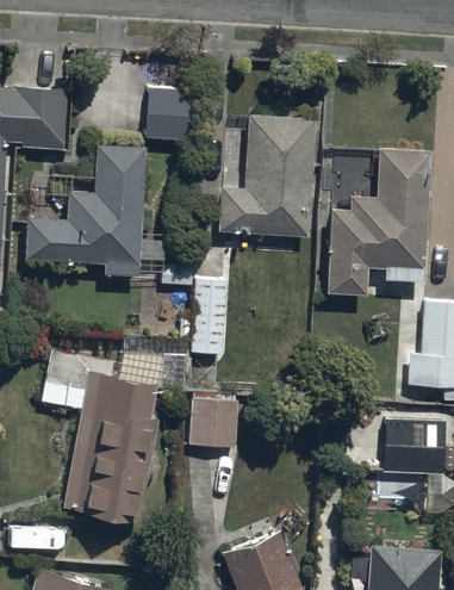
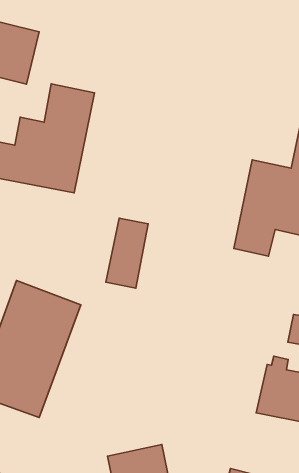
building: [148,92,197,144] -> none
building: [217,114,313,236] -> none
building: [191,404,235,453] -> none

